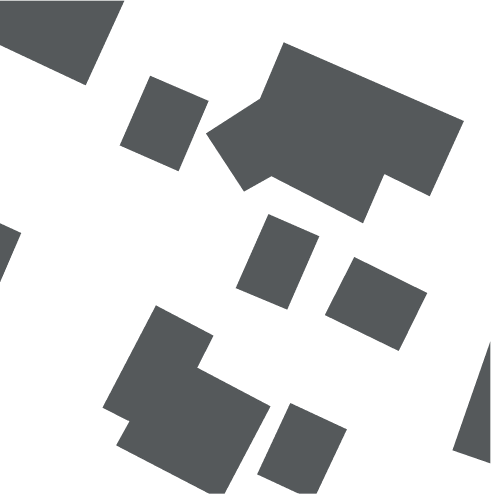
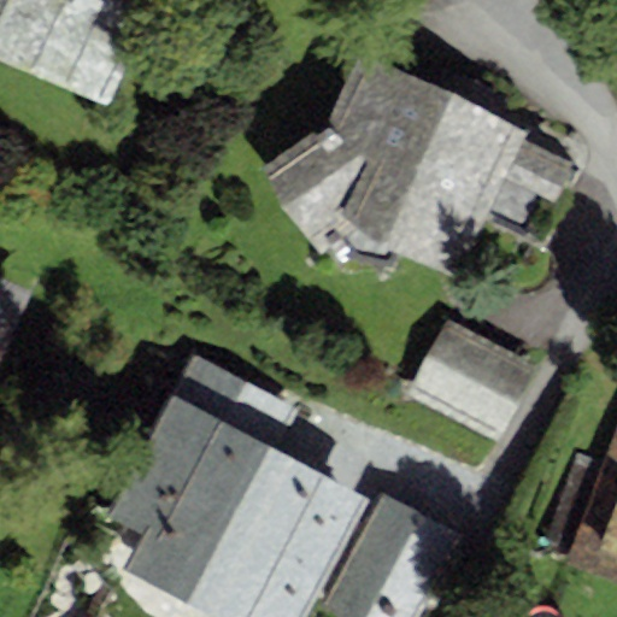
building: [119,75,210,172] -> none
building: [235,213,320,311] -> none

